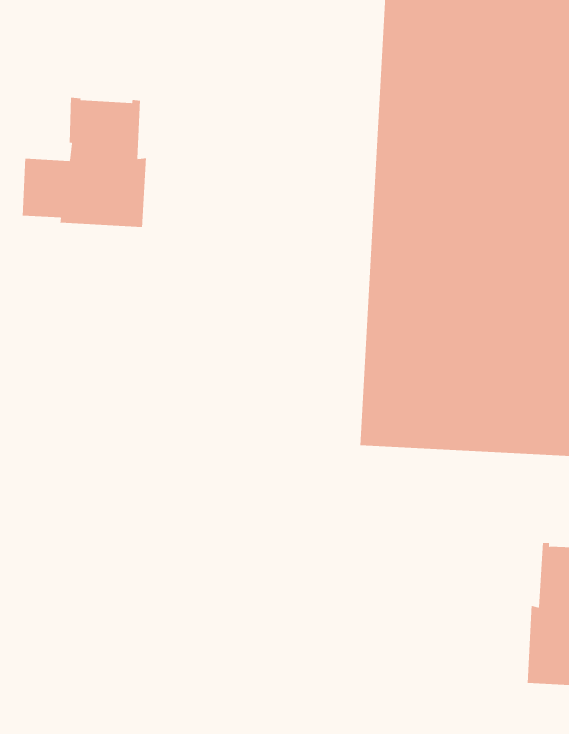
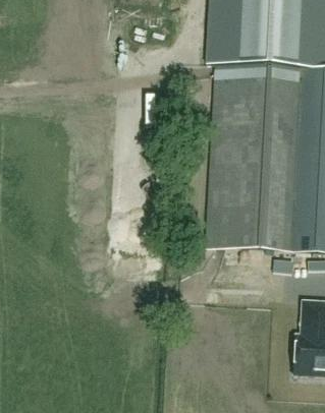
building: [22,97,146,228] -> none

